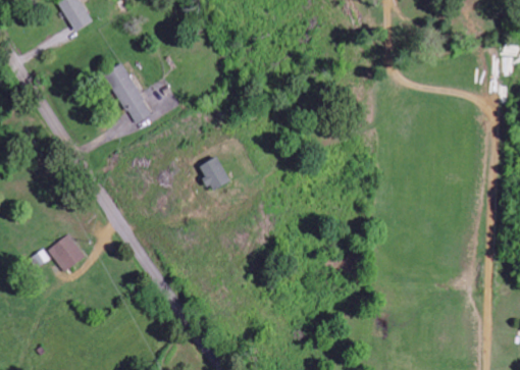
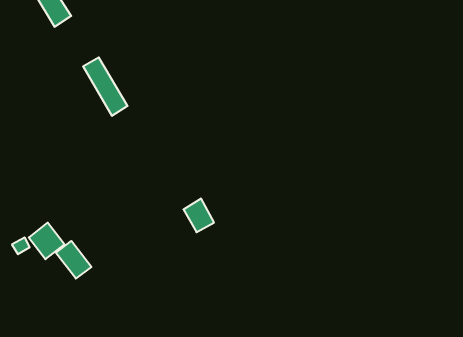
building: [199,156,230,191] -> [183,199,214,232]
building: none -> [56,241,91,279]

